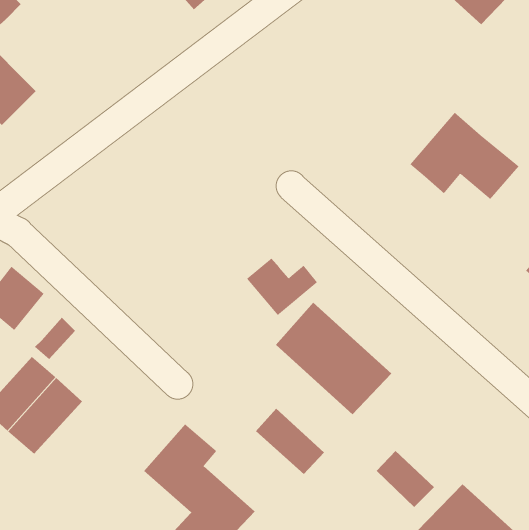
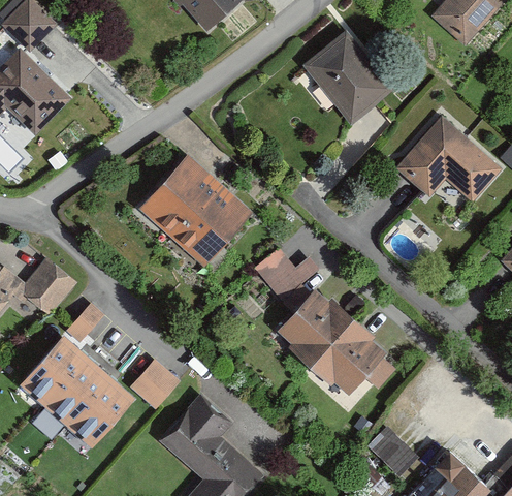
building: none -> [310,37,388,119]
building: none -> [142,157,250,262]
building: none -> [131,360,178,407]
building: none -> [65,378,131,447]
building: [255,408,325,475] -> none

